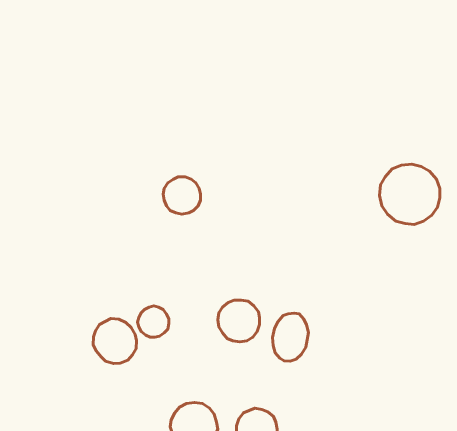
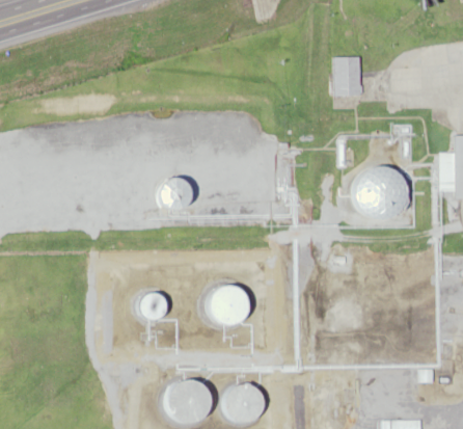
building: none -> [333,57,361,95]
building: [272,313,308,361] -> none
building: [93,319,137,364] -> none

